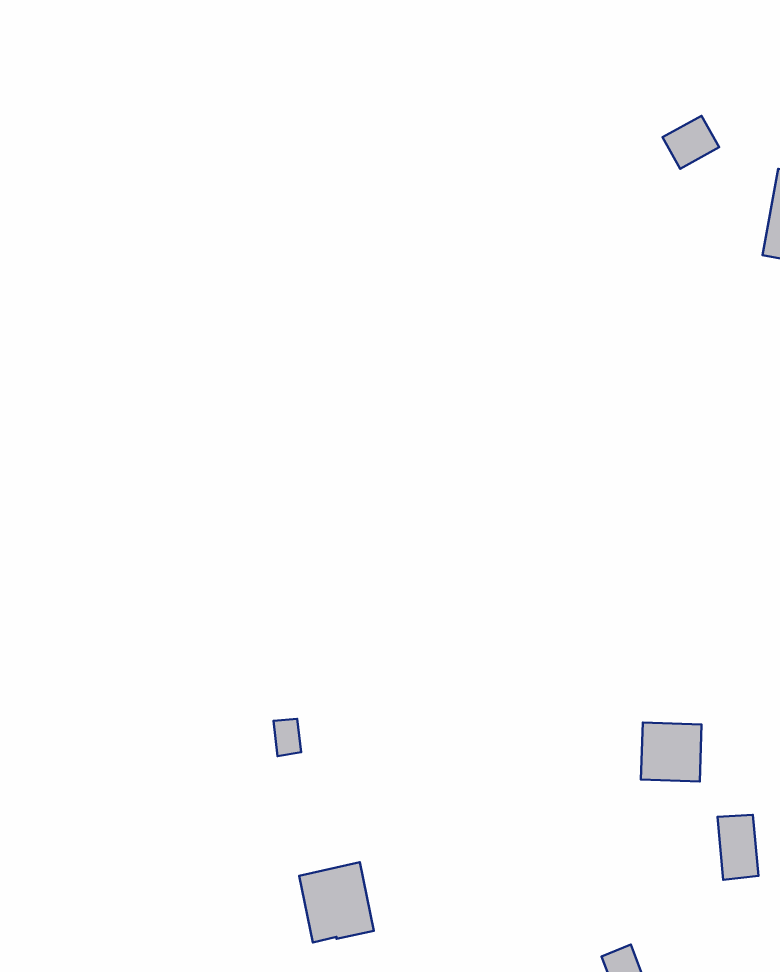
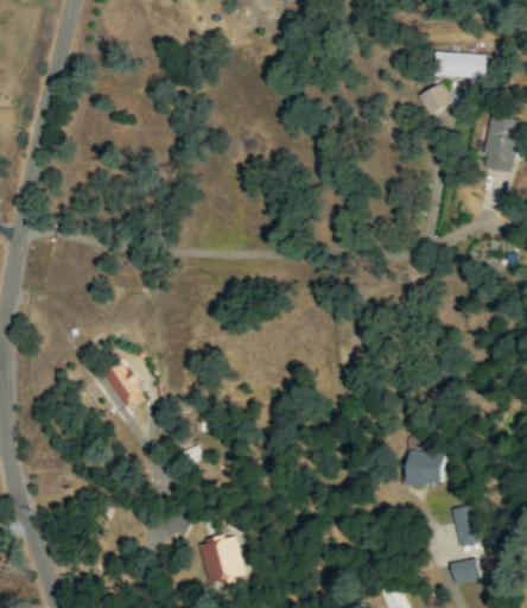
building: none -> [437,52,485,77]
building: none -> [104,361,145,404]
building: none -> [452,558,481,584]

